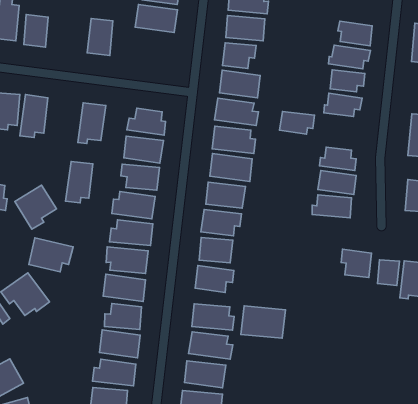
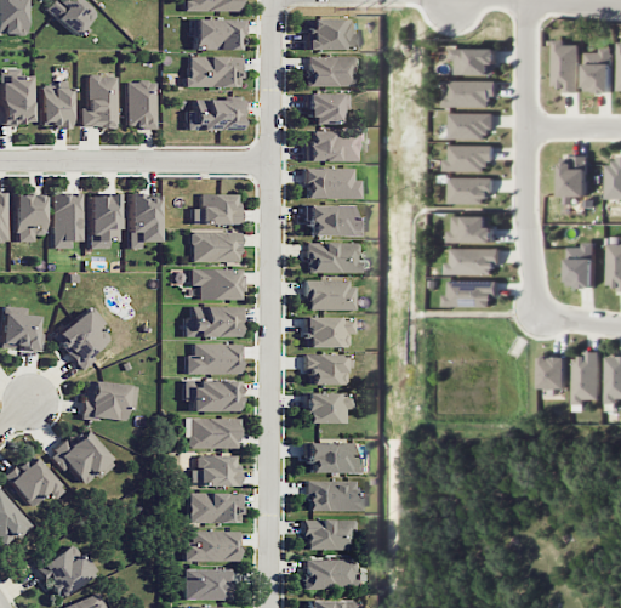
building: none -> [80,74,118,126]
building: none -> [187,98,240,130]
building: [280,111,314,134] -> [452,177,496,204]
building: [66,161,93,203] -> [89,194,119,248]
building: [341,249,372,278] -> none
building: [241,306,285,338] -> none

